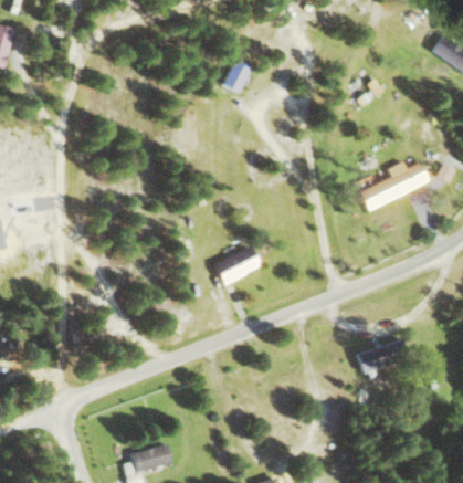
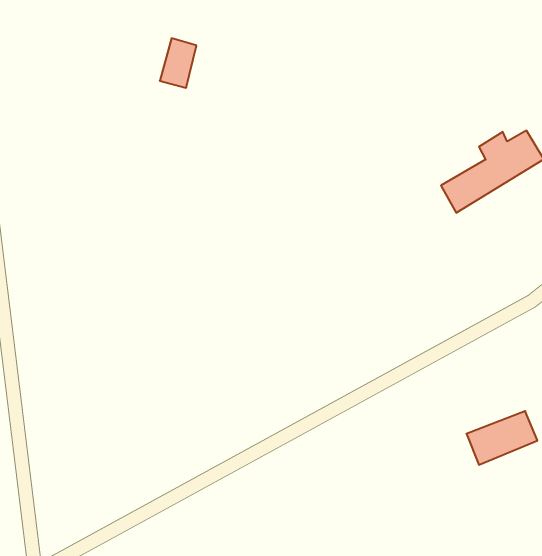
building: [224,60,251,93] -> [160,38,196,88]
building: [214,246,261,285] -> none

